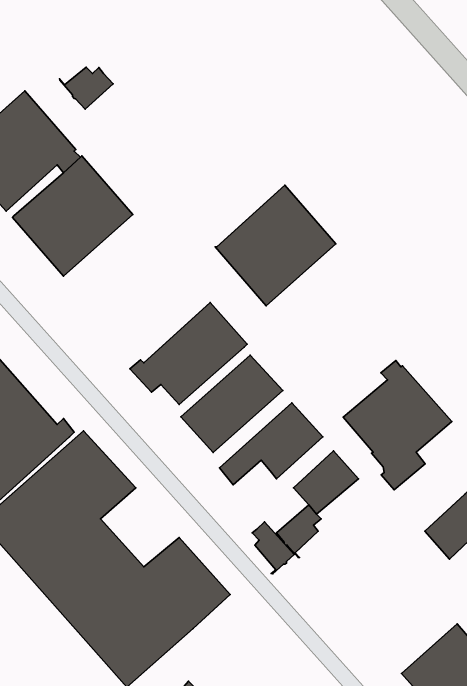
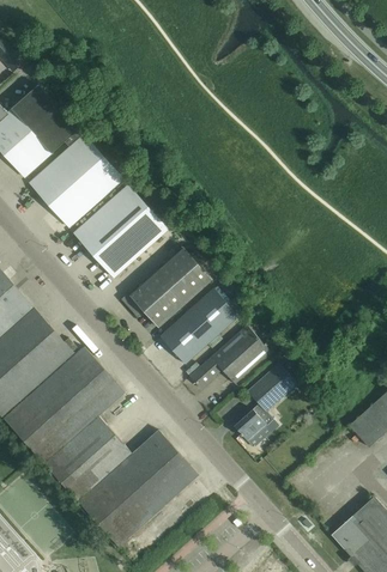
building: [60,67,113,109] -> none
building: [215,185,336,306] -> [73,184,167,278]
building: [343,360,452,490] -> none
building: [252,522,294,574] -> none

